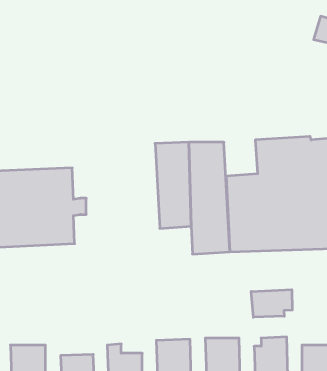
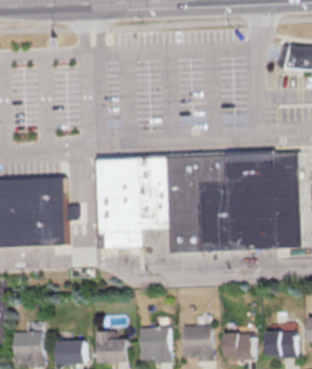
building: none -> [198,152,228,184]
building: none -> [96,156,143,247]
building: [251,290,292,317] -> none

